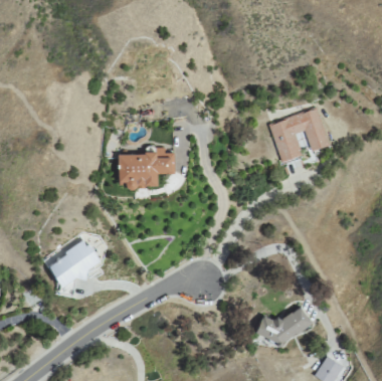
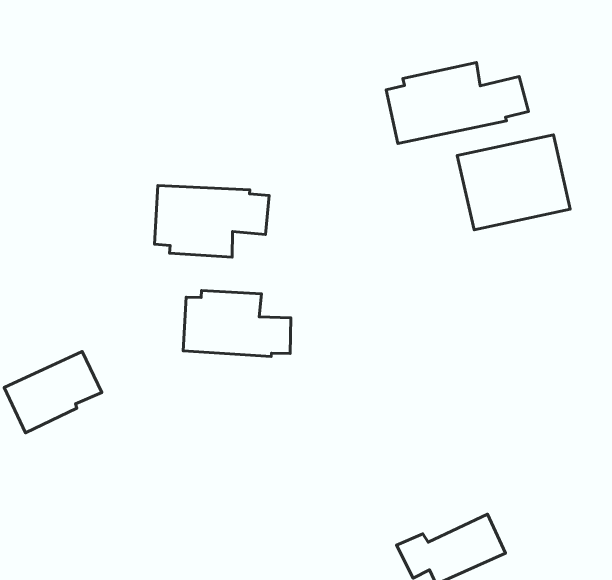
building: none -> [386,62,528,143]
building: none -> [183,290,291,357]

